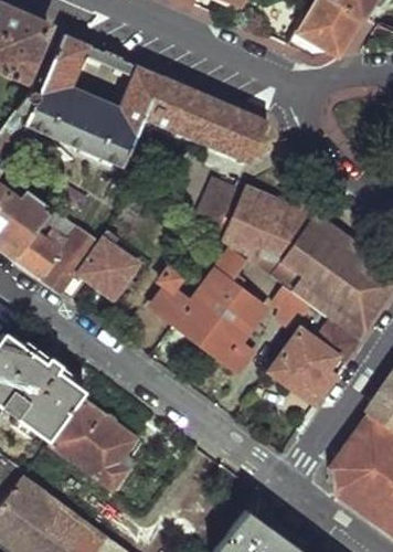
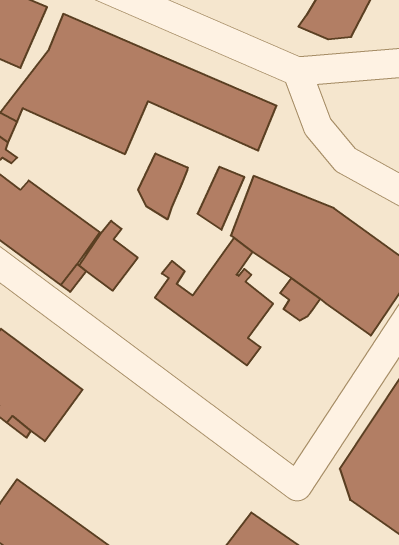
building: none -> [138,153,188,219]
building: [272,309,360,404] -> none
building: [49,399,142,490] -> none

